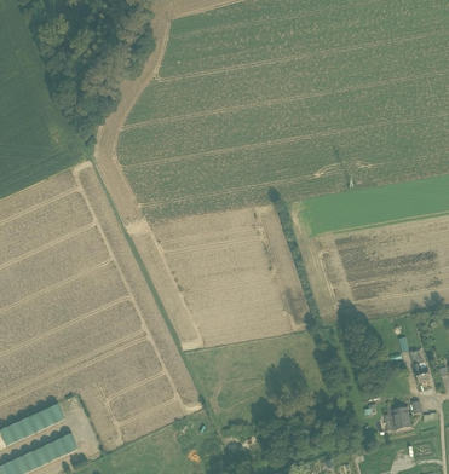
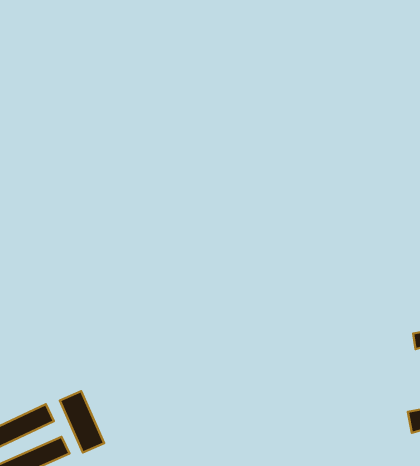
building: none -> [60,391,104,453]

